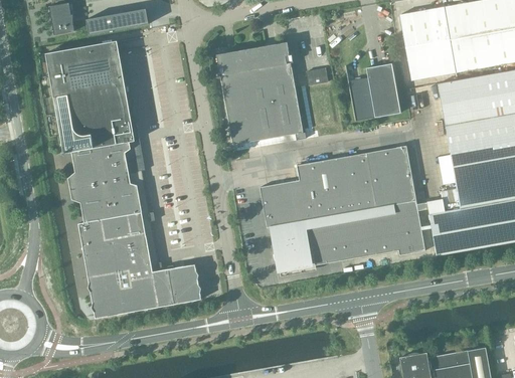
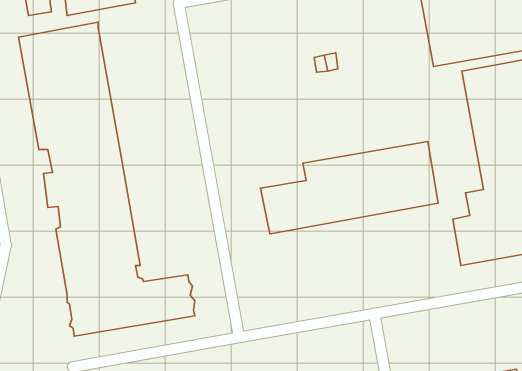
building: [217,42,304,145] -> none
building: [348,63,401,121] -> none
building: [275,200,425,273] -> none

